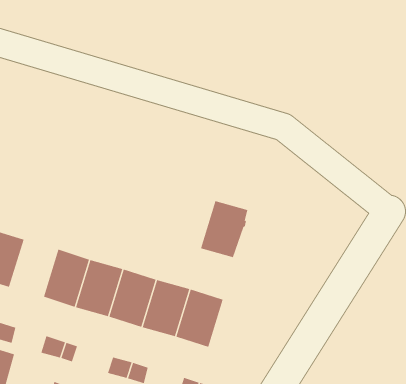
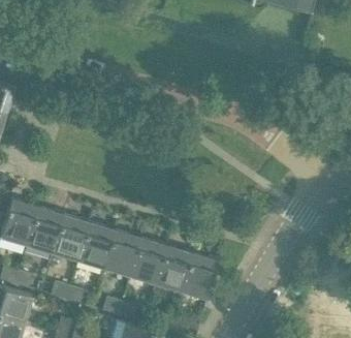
building: [200,200,248,258] -> [181,254,218,299]
building: none -> [27,208,64,252]

